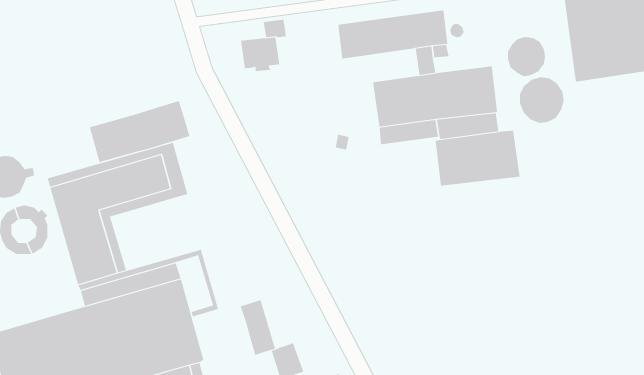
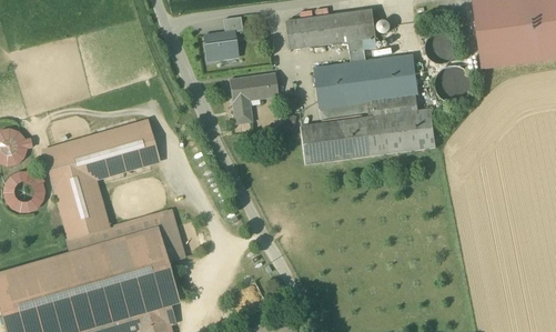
building: none -> [229,73,277,124]
building: [89,100,190,163] -> none
building: none -> [300,118,370,164]
building: [240,299,276,356] -> [150,213,180,260]

